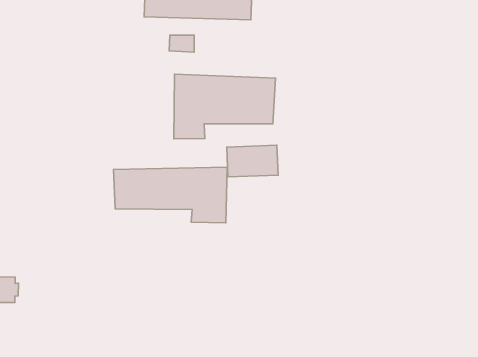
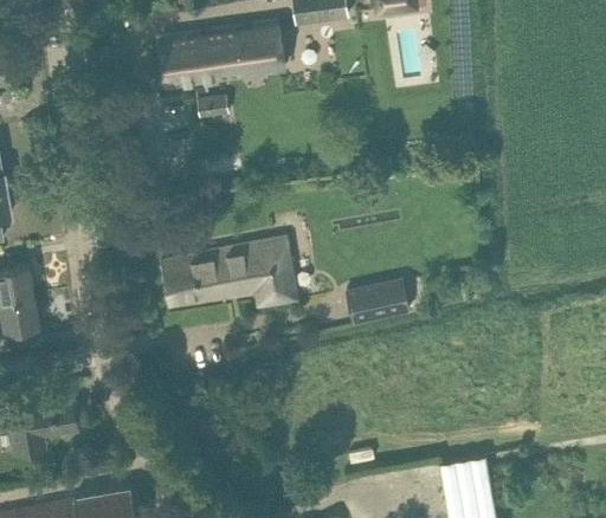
building: [174,74,275,139] -> none
building: [227,145,278,177] -> [346,279,408,324]

